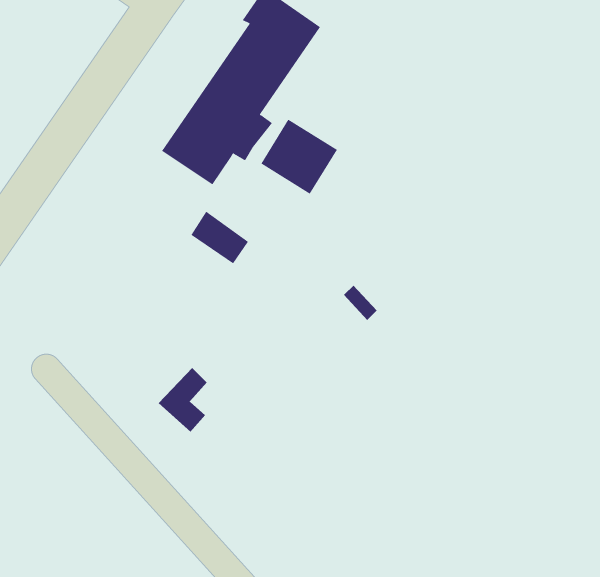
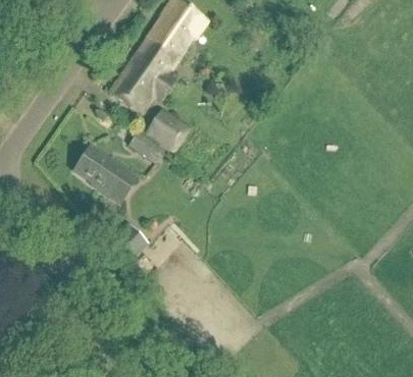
building: [261,119,338,194] -> [146,105,192,150]
building: none -> [73,146,138,205]

